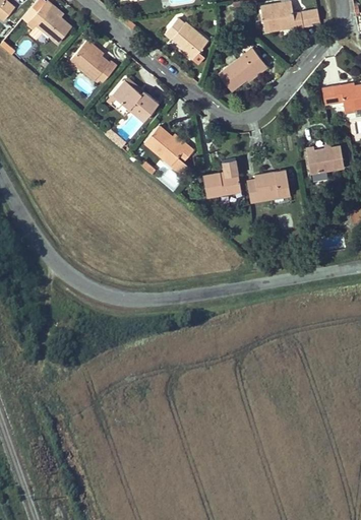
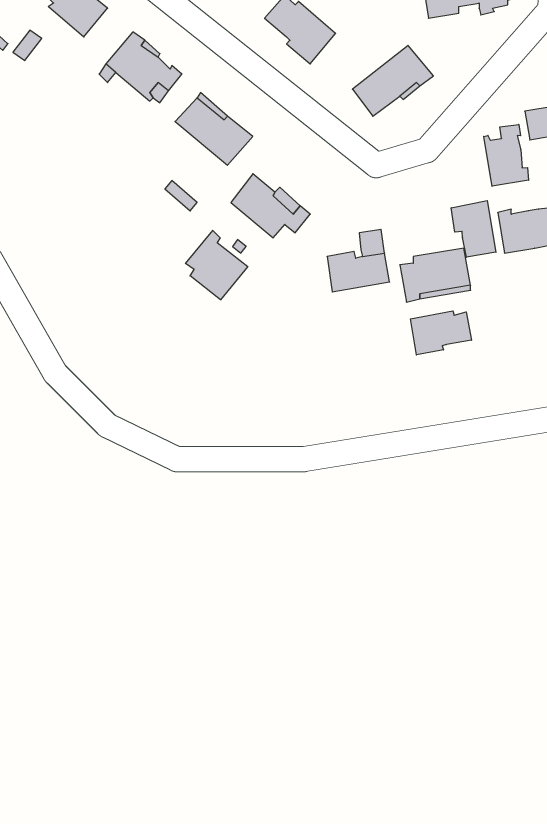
building: none -> [484,124,529,186]
building: none -> [451,201,496,257]
building: none -> [186,230,248,300]
building: none -> [410,311,471,355]

